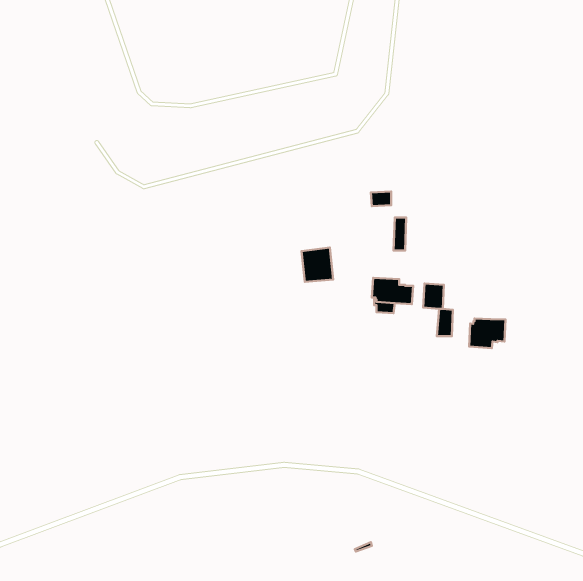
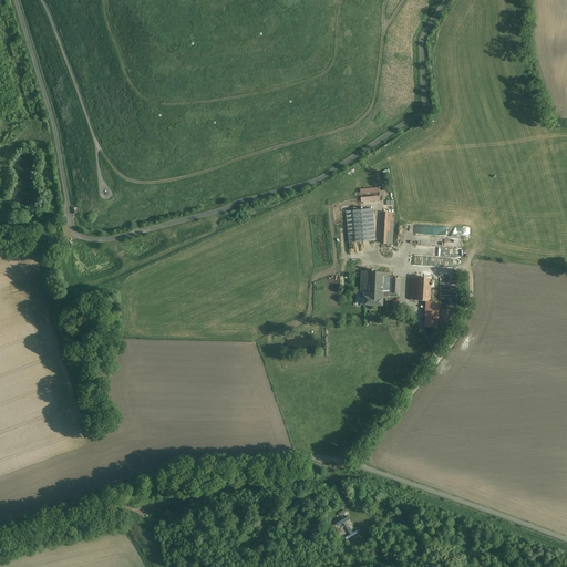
building: [301,248,333,282] -> [346,207,377,240]
building: [469,318,506,348] -> none

